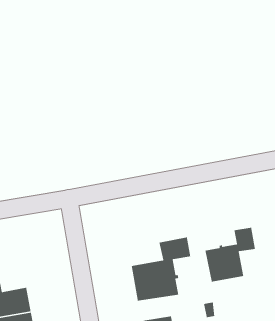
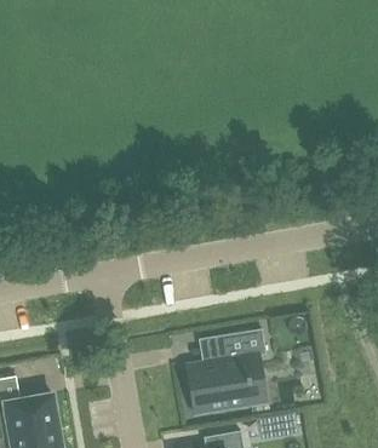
building: [204,227,256,283] -> none

